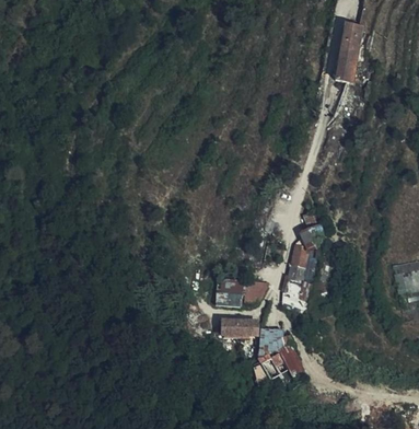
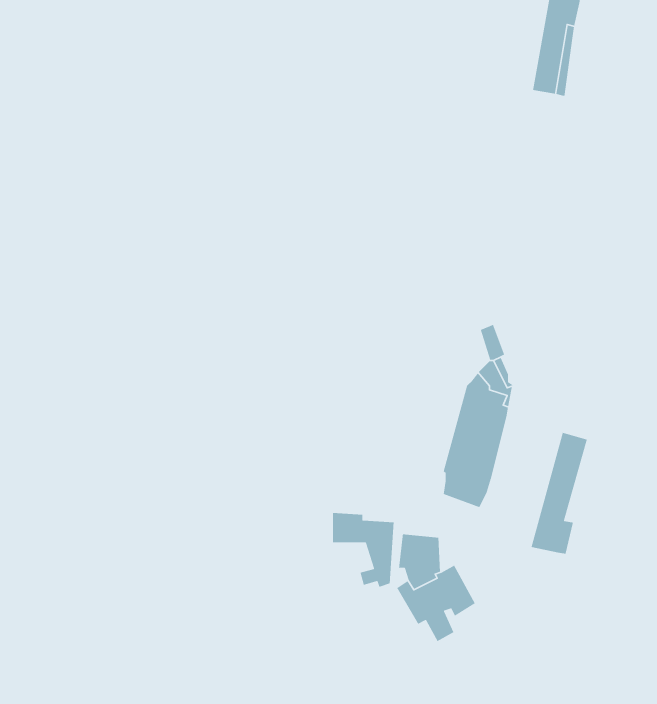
building: none -> [530,432,588,554]
building: [217,278,268,302] -> none

